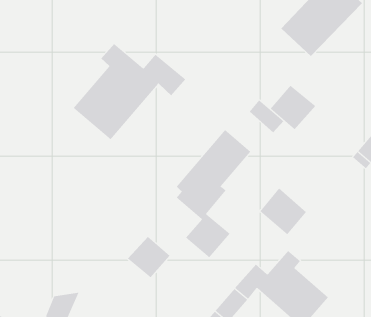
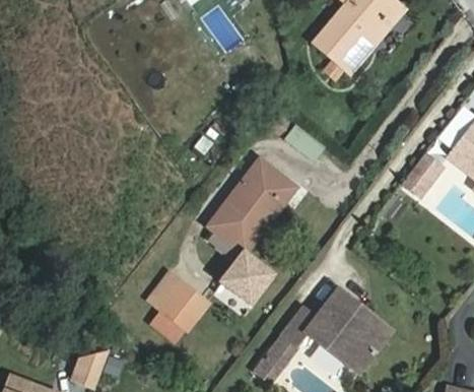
building: [73,43,186,140] -> none
building: [270,85,316,130] -> none
building: [260,187,307,235] -> none

